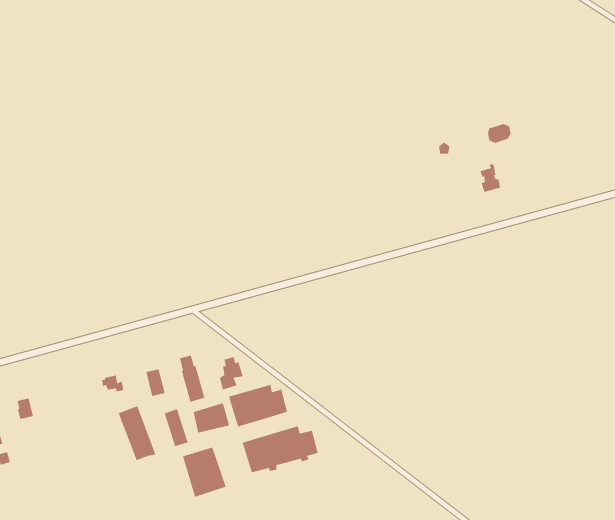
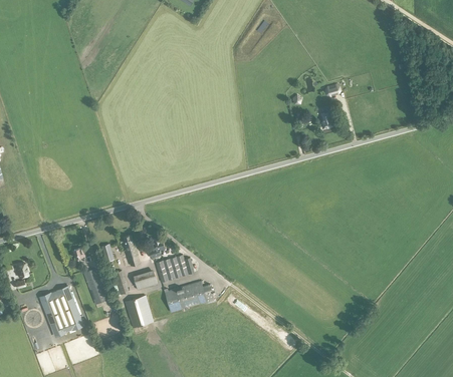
building: none -> [37,285,82,337]

